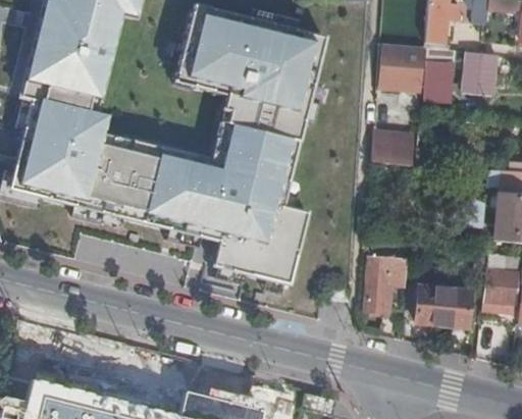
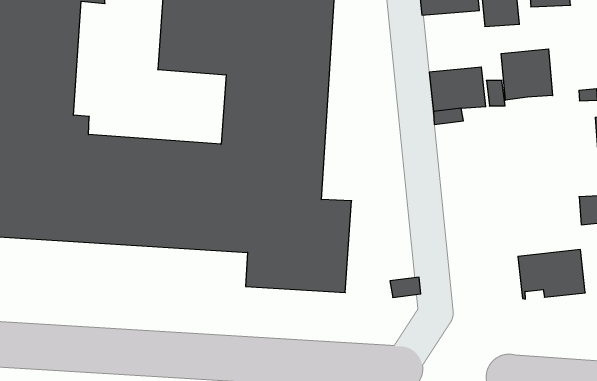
building: none -> [501,49,553,100]
building: [370,250,409,309] -> none

